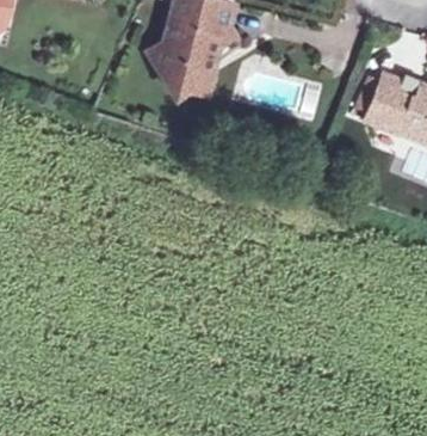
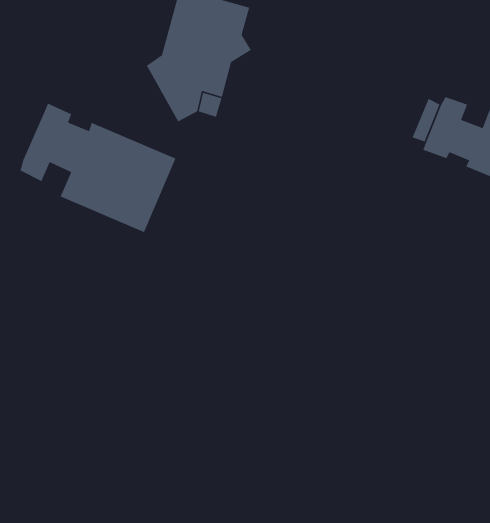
building: none -> [20,102,177,233]

